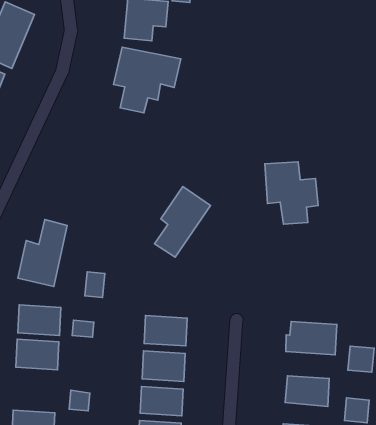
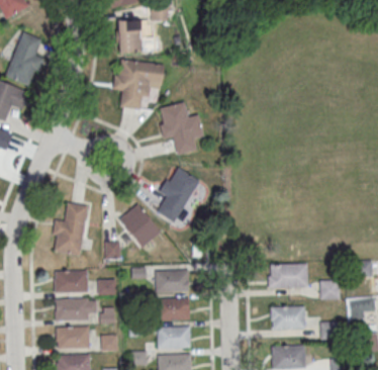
building: [265,162,318,224] -> [158,102,203,153]
building: none -> [117,203,161,247]
building: none -> [56,326,90,349]

